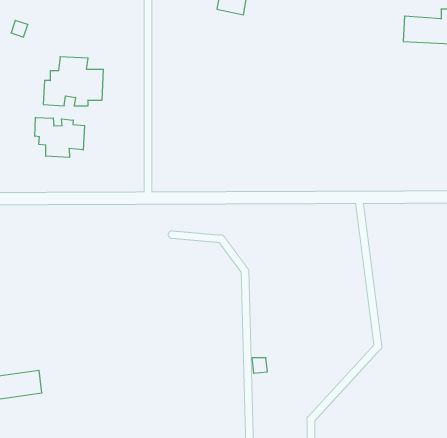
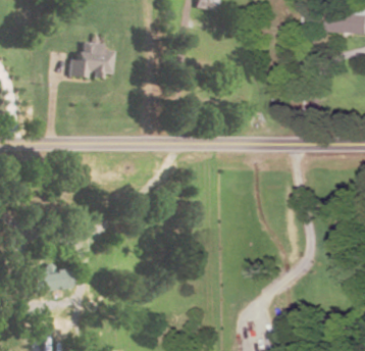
building: [35,117,85,157] -> none

